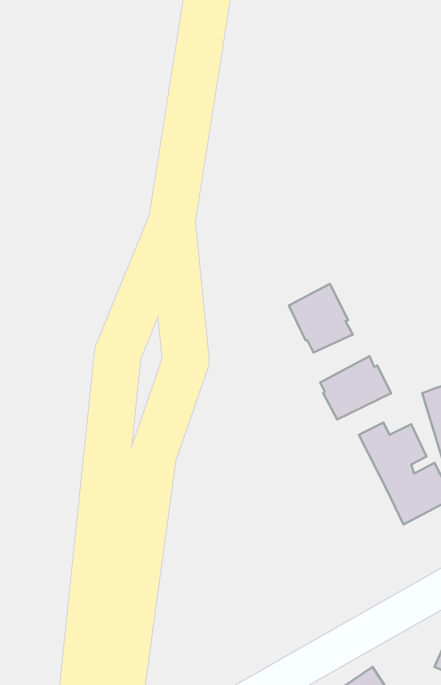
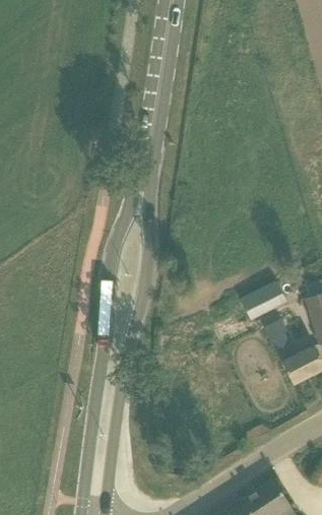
building: [289,284,353,352] -> none

